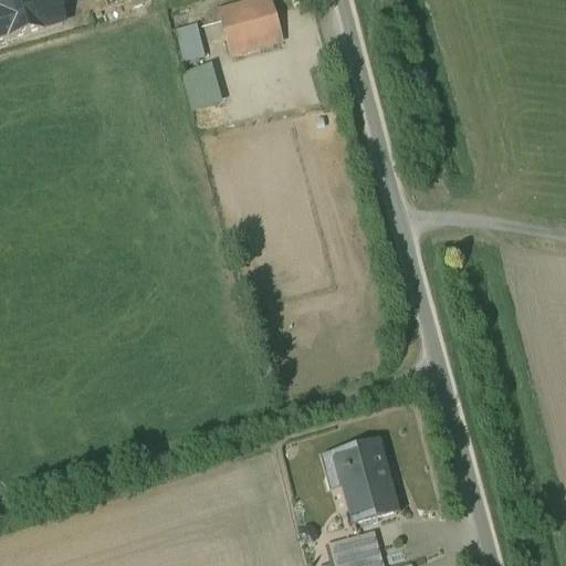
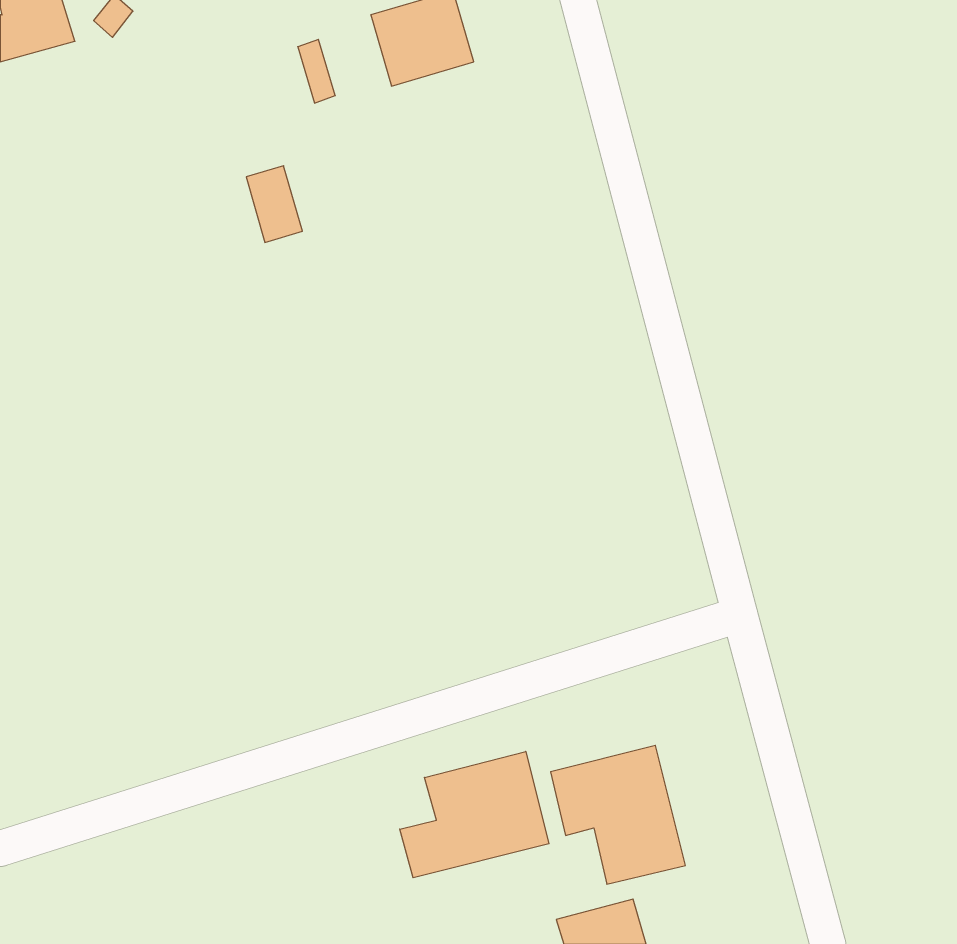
building: [179,64,212,109] -> [246,166,302,242]
building: none -> [400,751,549,878]

